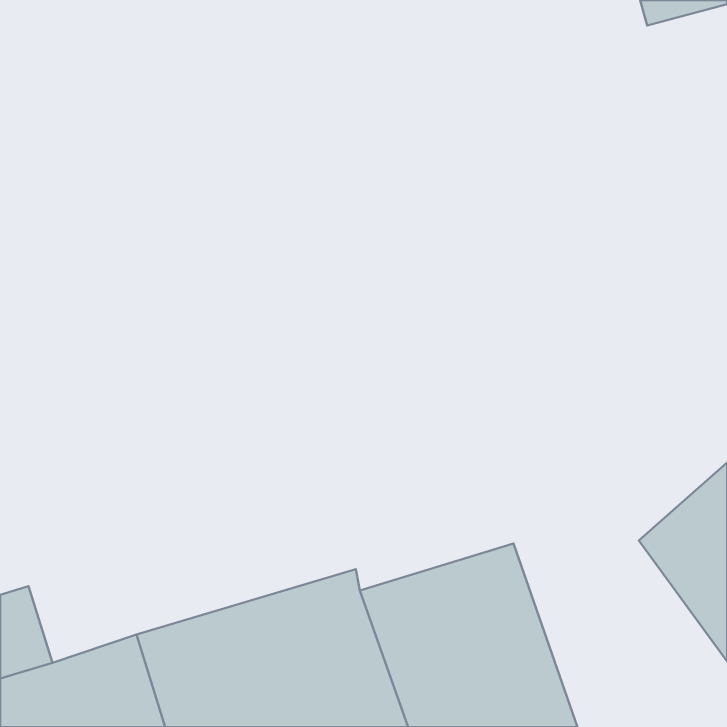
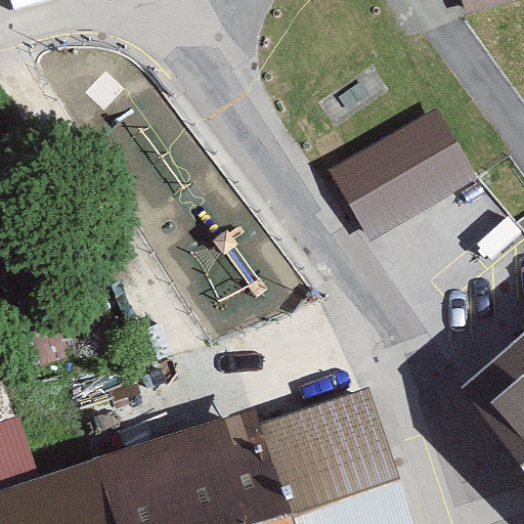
building: none -> [331,117,474,243]

